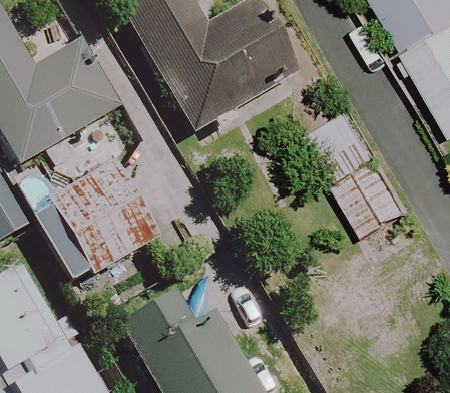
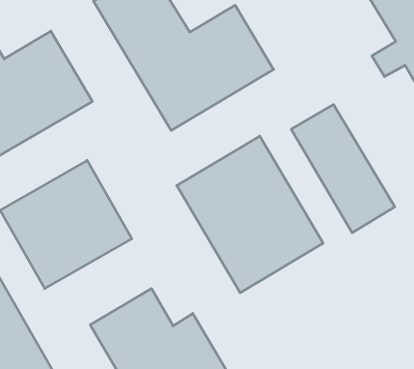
building: none -> [177,136,323,293]

